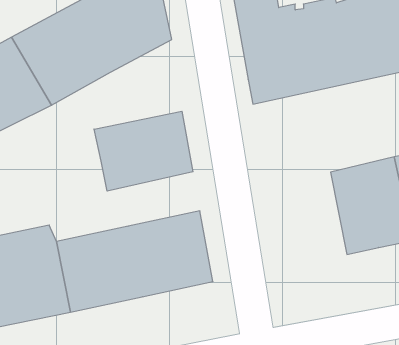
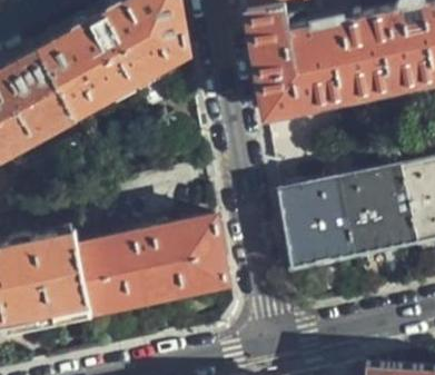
building: [94,111,193,191] -> none
building: none -> [279,180,355,270]

